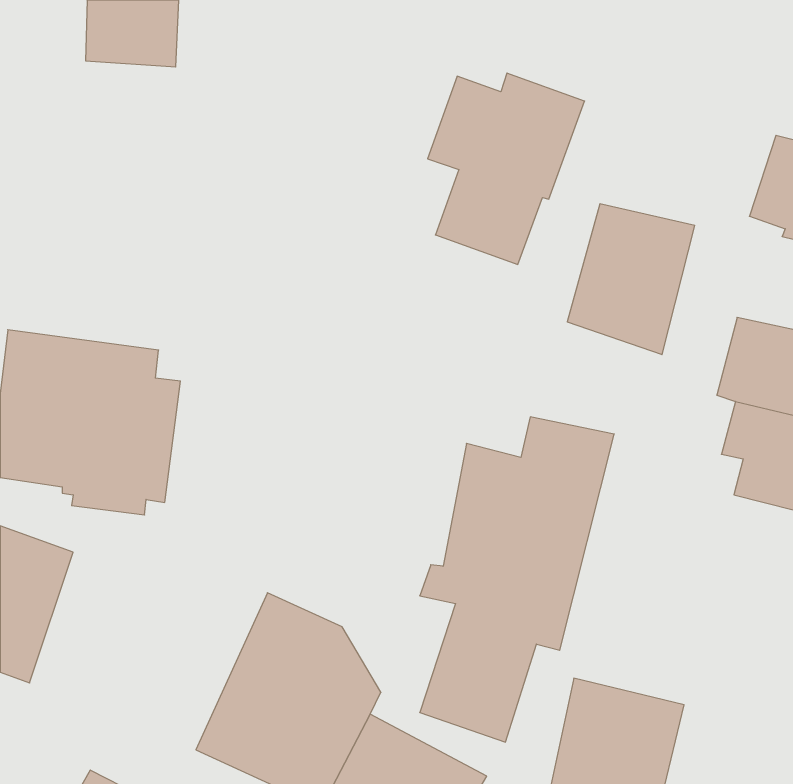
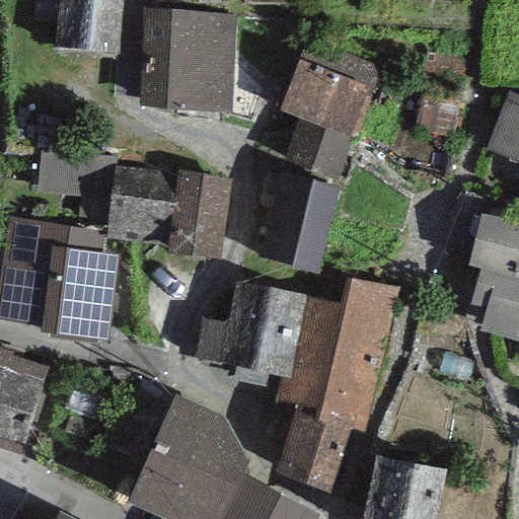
building: none -> [139,13,235,112]
building: [567,204,695,355] -> [256,174,340,273]
building: none -> [108,165,230,257]
building: none -> [195,283,305,376]

